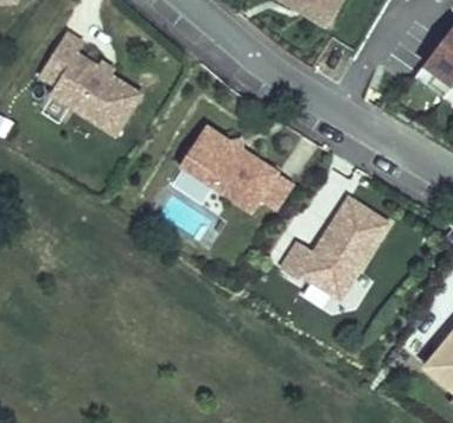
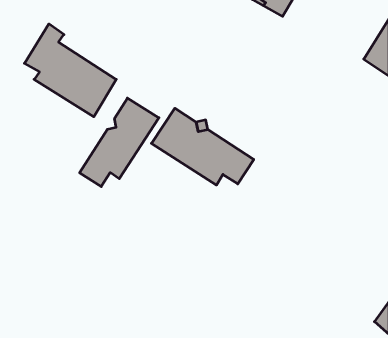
building: none -> [80,98,159,187]
building: [282,198,390,299] -> none

